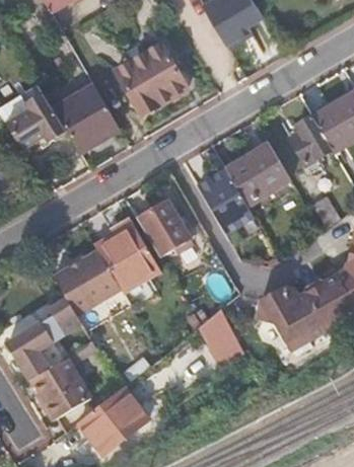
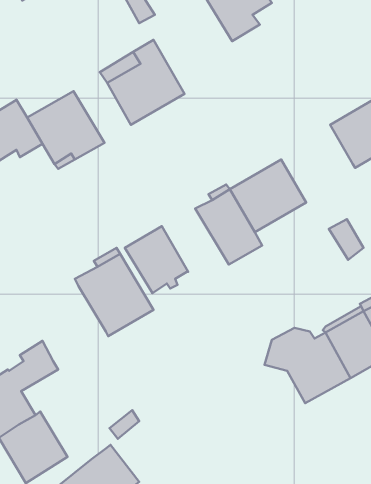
building: [284,114,331,163] -> none
building: [54,251,121,315] -> none
building: [201,309,245,366] -> none

